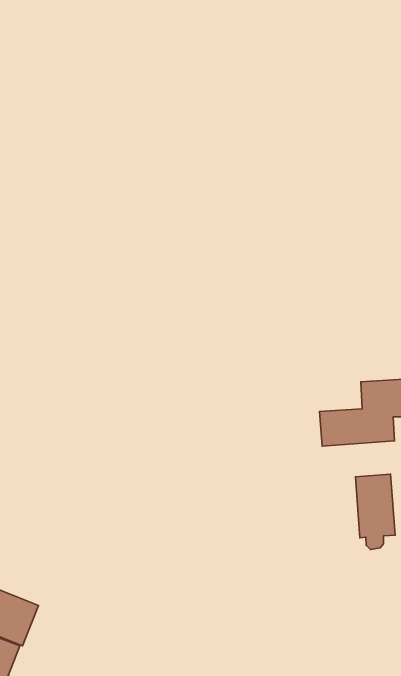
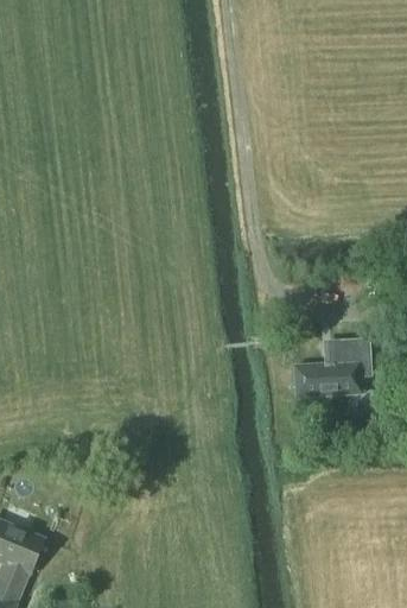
building: [355,474,395,550] -> none

